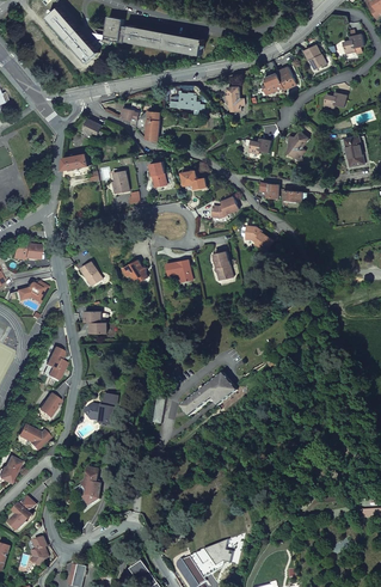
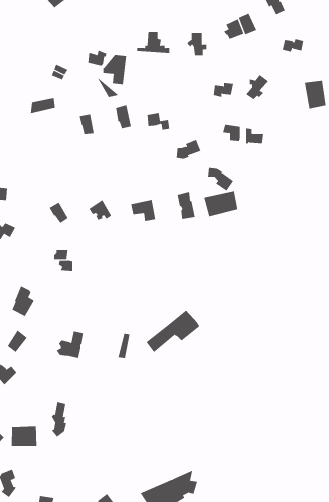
building: none -> [203,190,238,217]
building: none -> [11,425,37,447]

